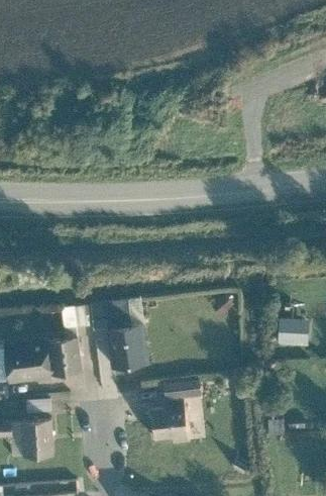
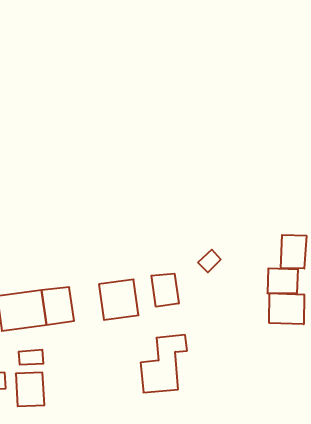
building: none -> [281,235,306,269]
building: none -> [151,274,179,307]
building: none -> [269,293,304,324]

